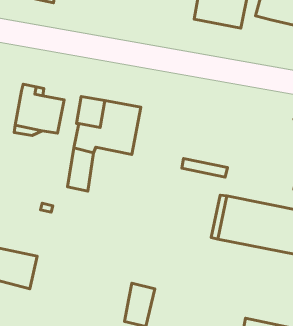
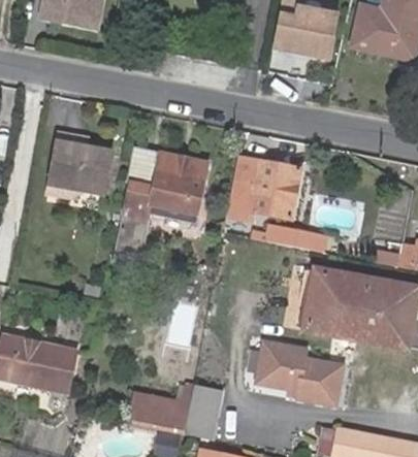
building: none -> [233,158,298,217]
building: none -> [257,337,348,406]
building: none -> [124,391,191,433]

